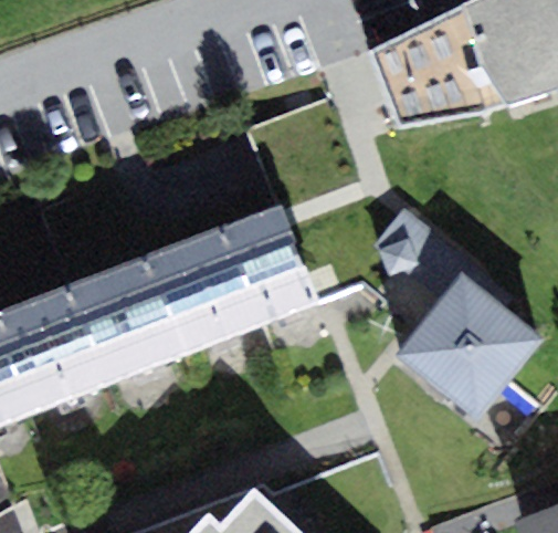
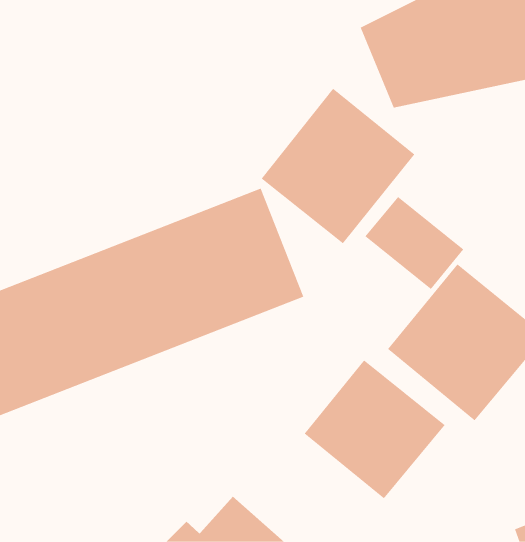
building: none -> [261,88,415,244]
building: none -> [304,359,445,499]

